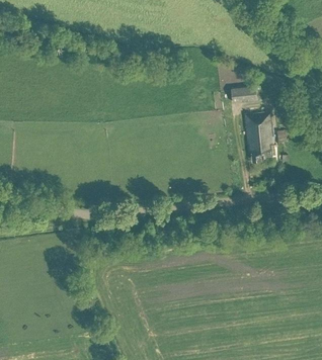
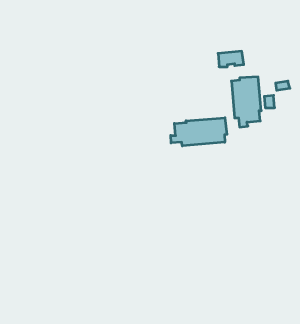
building: none -> [171,118,227,146]

